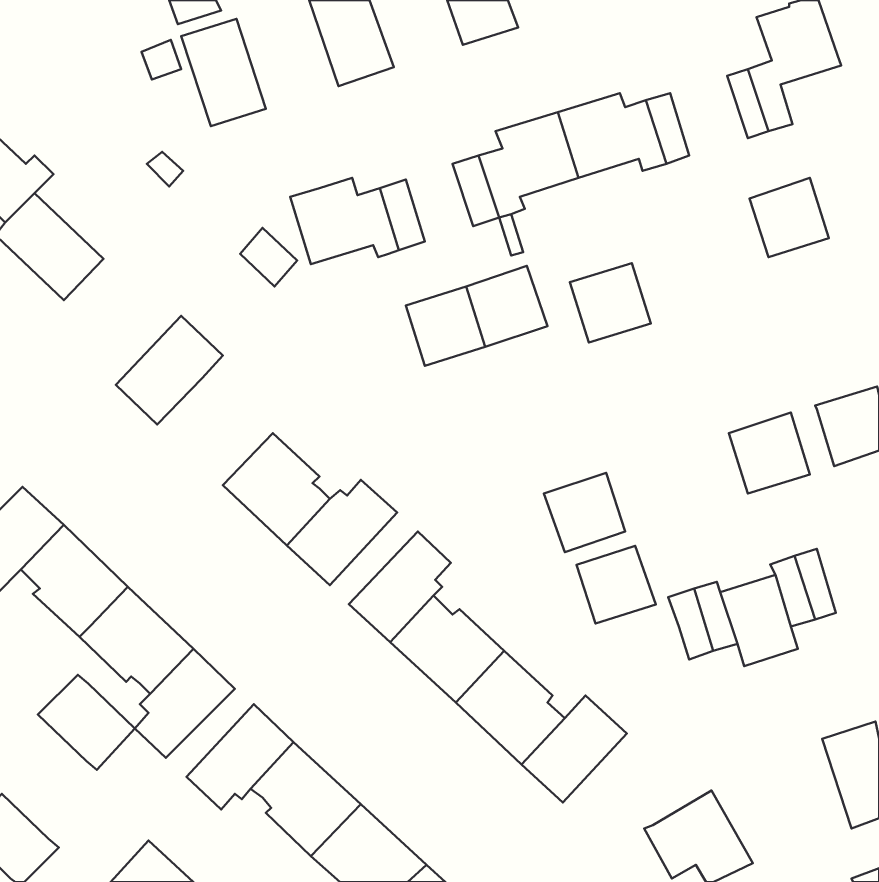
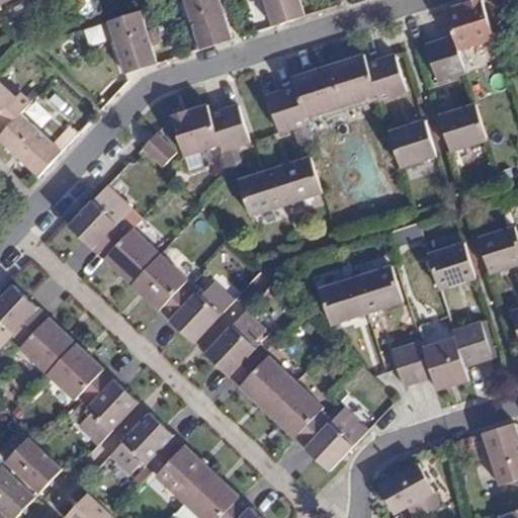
building: [570,263,651,343] -> [387,120,435,167]
building: none -> [92,222,160,284]
building: [576,546,656,624] -> [355,266,402,312]
building: [38,675,135,770] -> [4,437,61,493]

